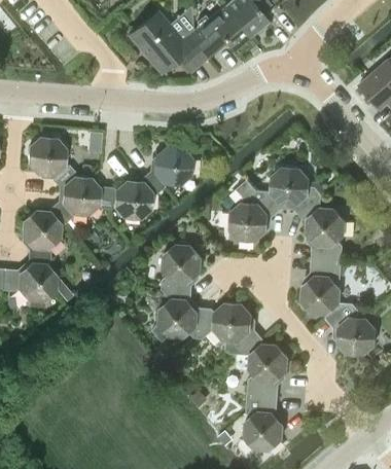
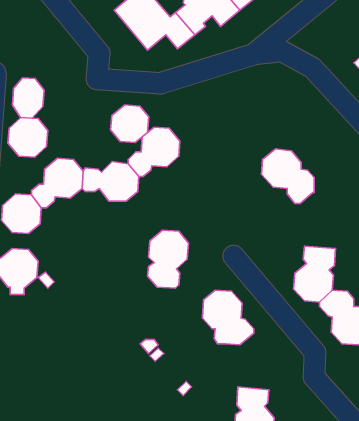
building: none -> [13,78,44,118]
building: none -> [111,105,149,143]
building: [228,180,281,242] -> none
building: [306,210,344,263] -> none
building: [158,300,214,339] -> none
building: [235,345,286,399] -> none

